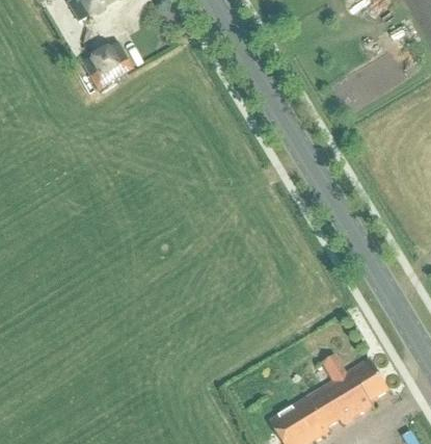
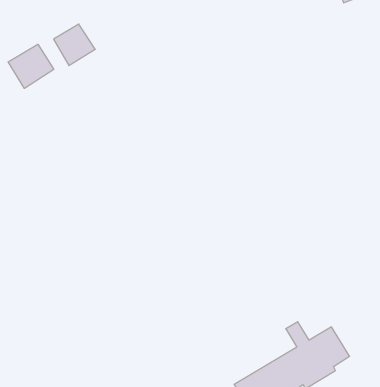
building: none -> [8,44,54,88]

